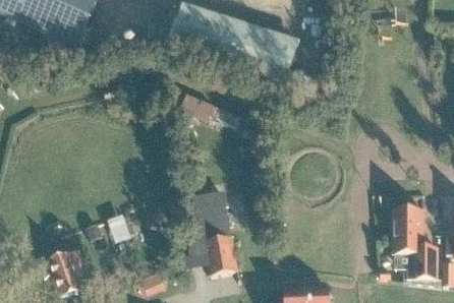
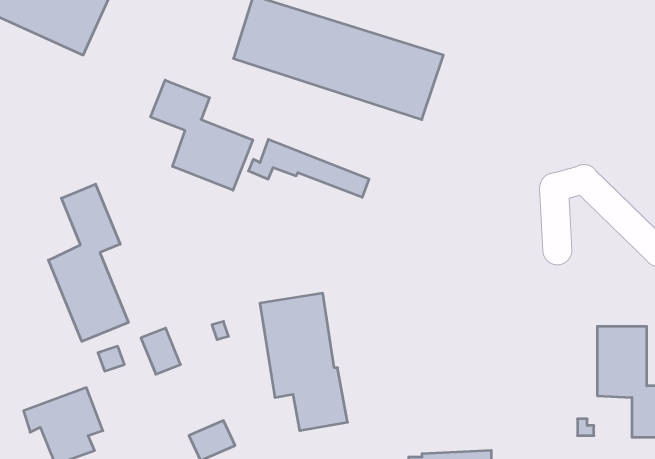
building: none -> [151,80,253,190]
building: none -> [48,184,128,341]

